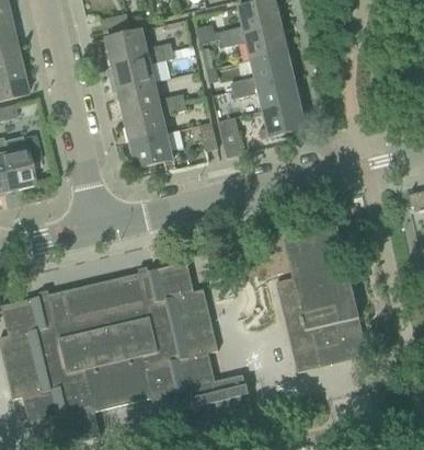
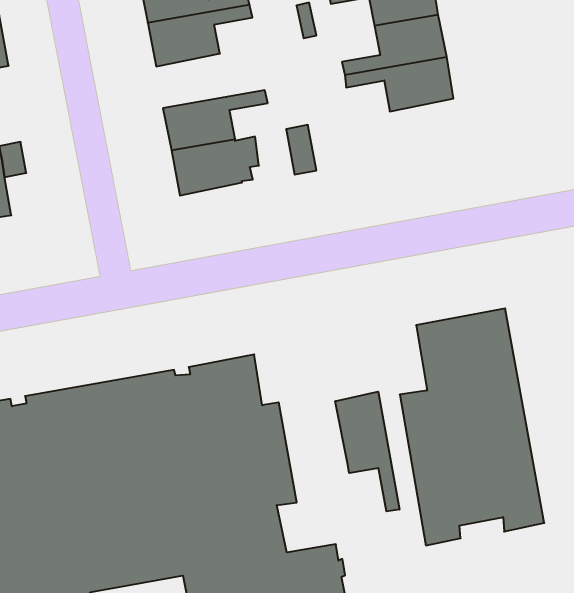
building: [117,80,184,115] -> none
building: [259,100,306,136] -> none
building: [218,116,244,158] -> none
building: none -> [335,392,399,511]

